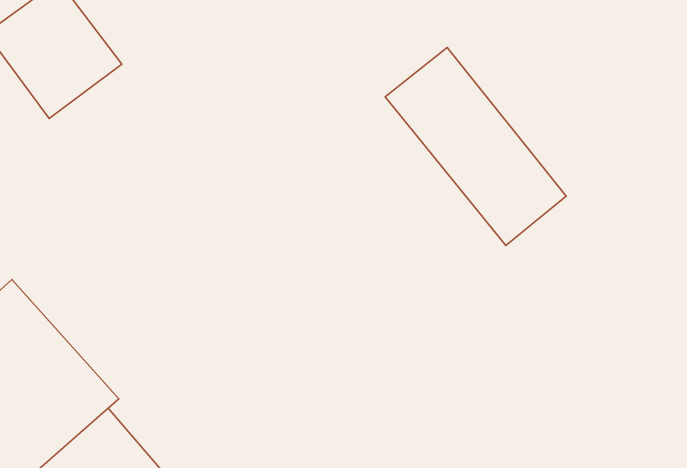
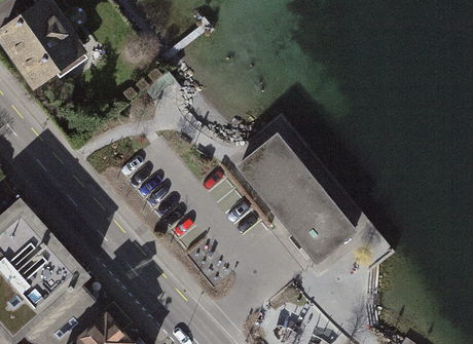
building: [385,47,566,246] -> [238,131,358,263]

